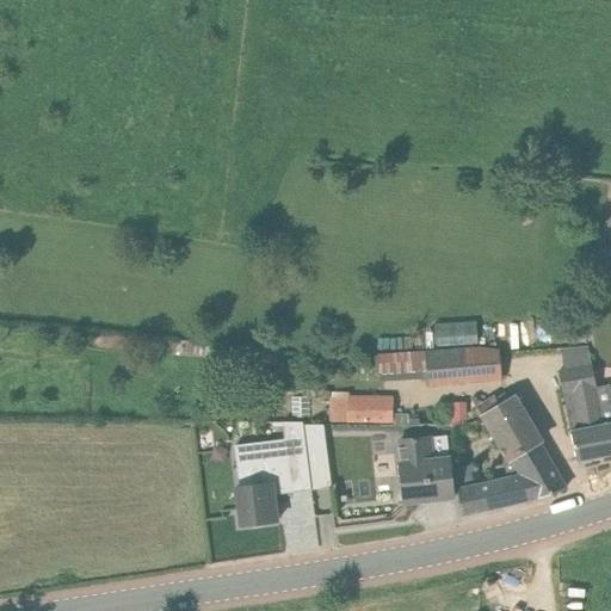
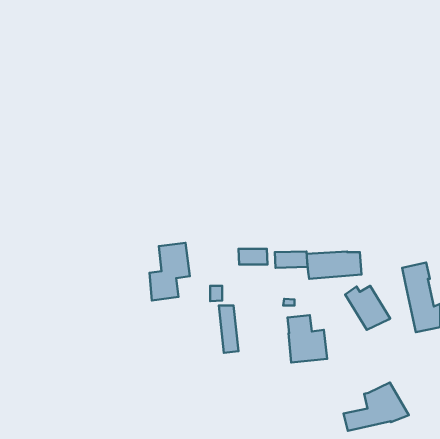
building: [433,325,477,347] -> none
building: [348,397,389,419] -> [238,249,268,264]
building: [474,443,564,510] -> [343,383,409,431]
building: [236,445,292,525] -> [149,243,190,300]

